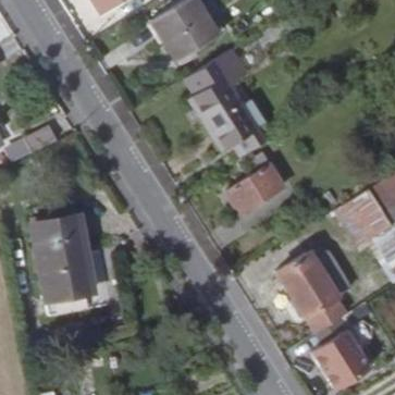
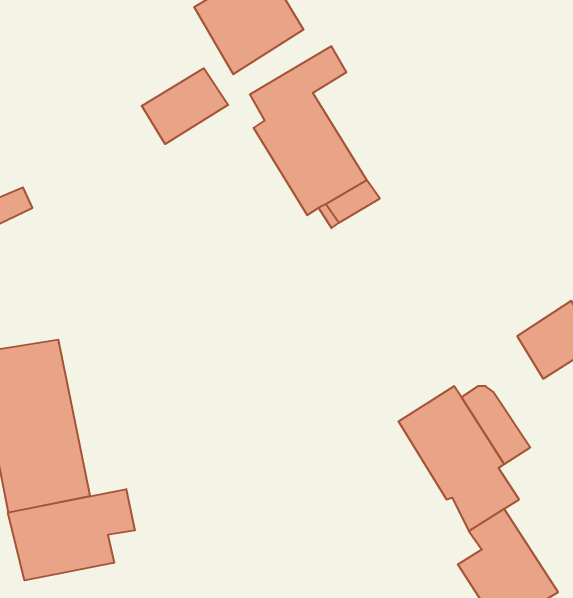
building: none -> [142,68,228,144]
building: [226,147,285,208] -> none
building: none -> [8,489,135,580]

